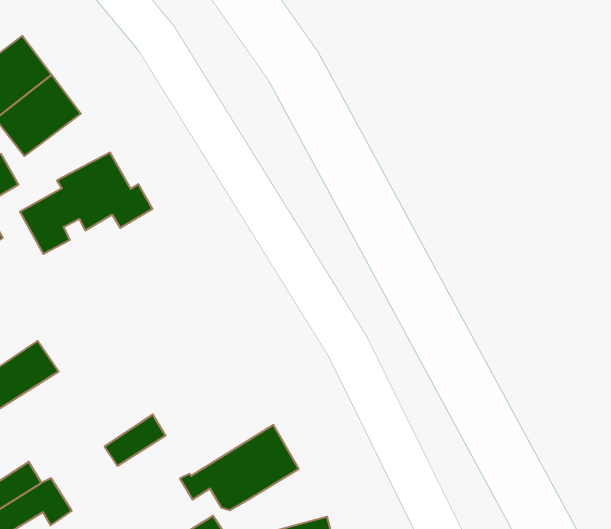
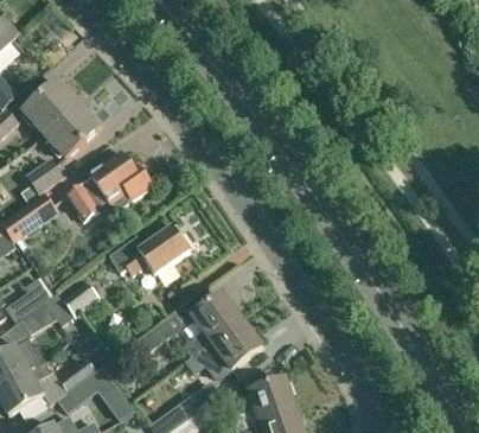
building: none -> [110,224,190,274]
building: none -> [184,292,244,357]

